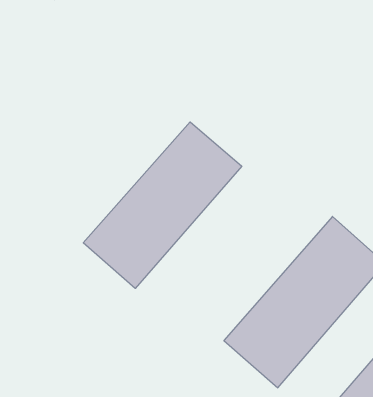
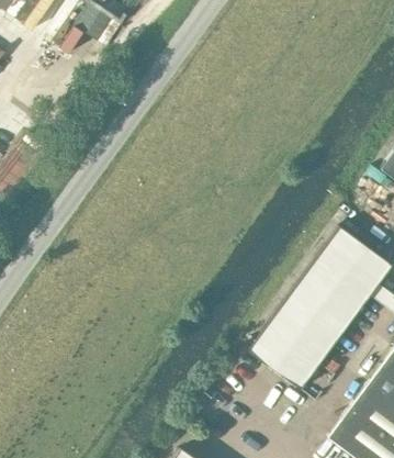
building: [83,122,242,288] -> none

